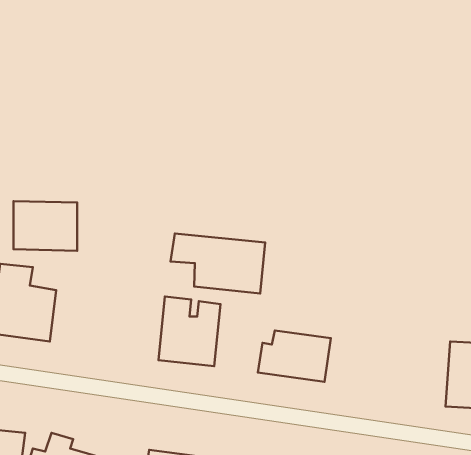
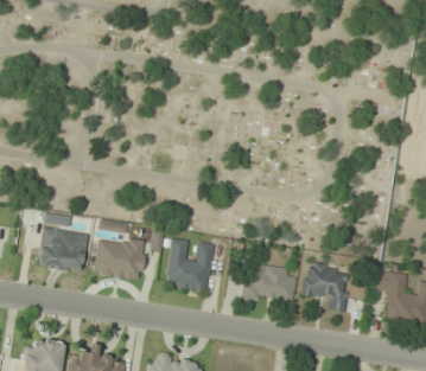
building: [14,201,77,251] -> [95,239,144,277]
building: [171,234,265,293] -> none
building: none -> [299,264,351,313]

